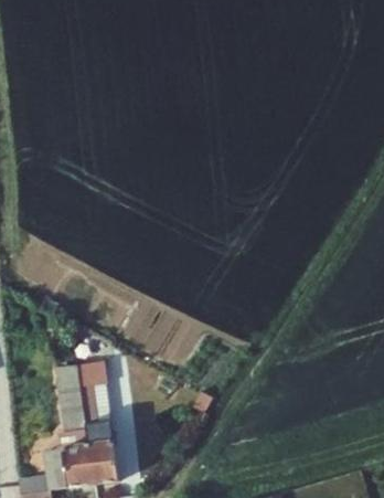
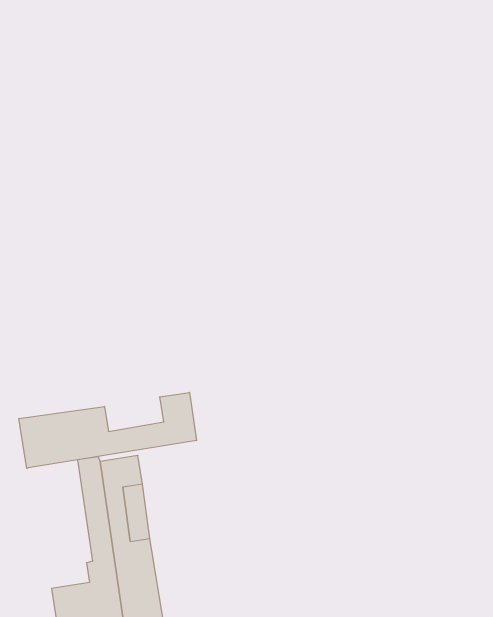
building: none -> [19,392,197,468]

